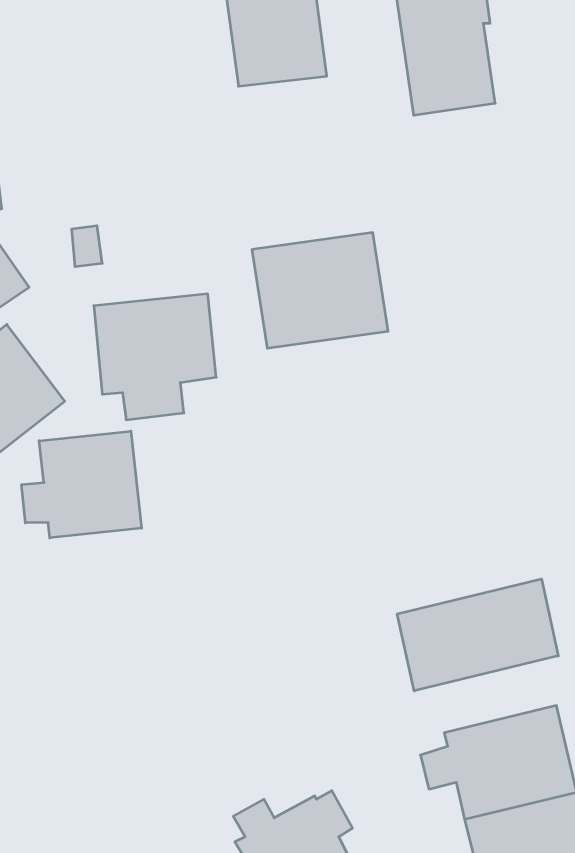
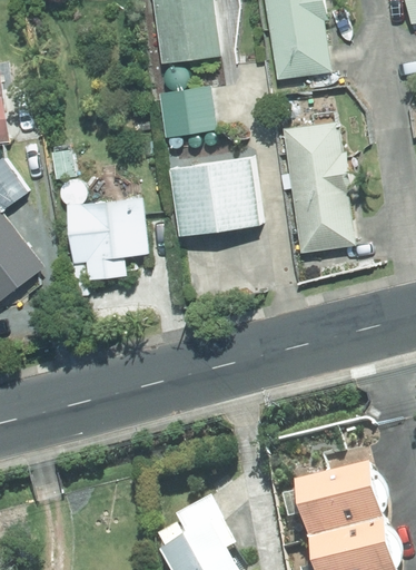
building: none -> [160,86,216,135]
building: none -> [281,116,354,250]
building: [22,431,142,538] -> none
building: [397,579,558,691] -> none

